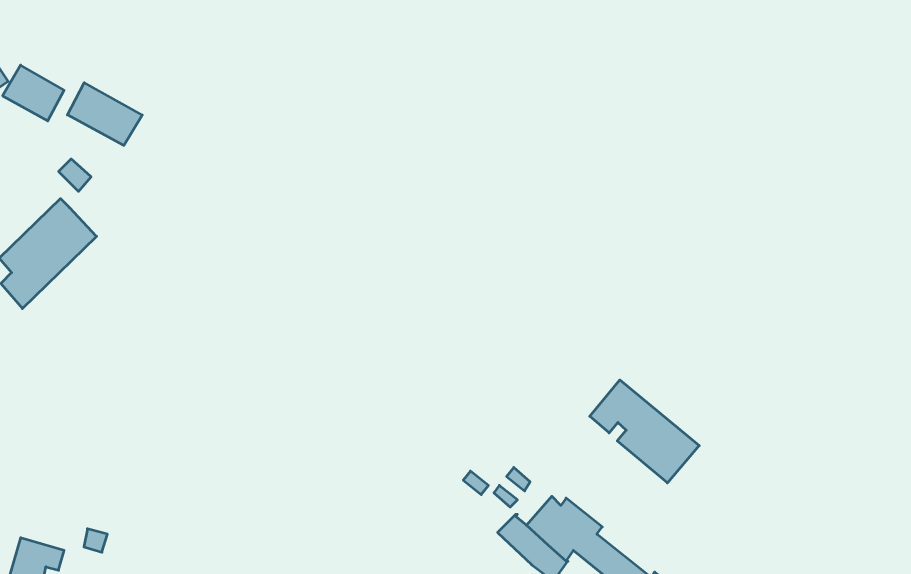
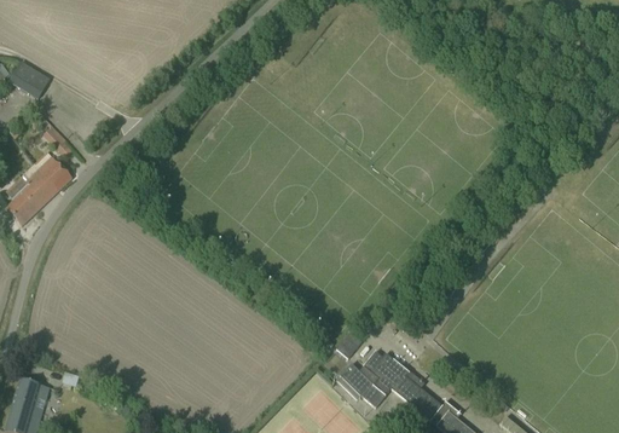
building: [67,83,142,145] -> none
building: [590,380,699,483] -> none

